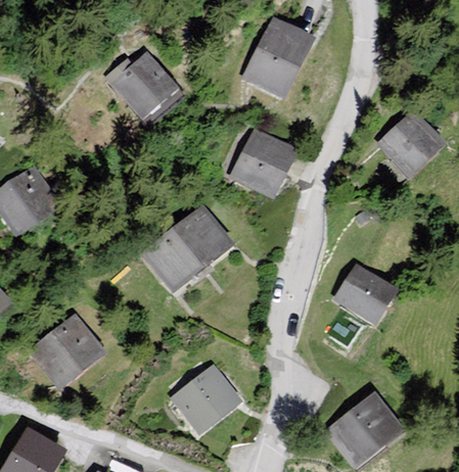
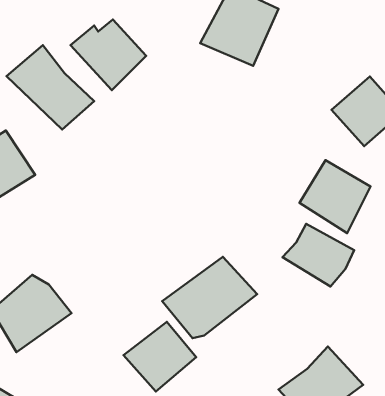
building: none -> [7,45,94,129]
building: [226,125,303,199] -> none
building: none -> [299,160,370,233]
building: [136,207,235,292] -> [162,257,257,338]

